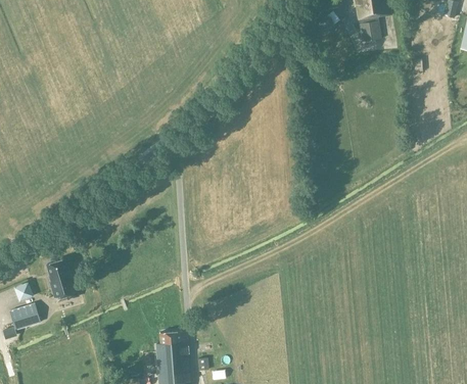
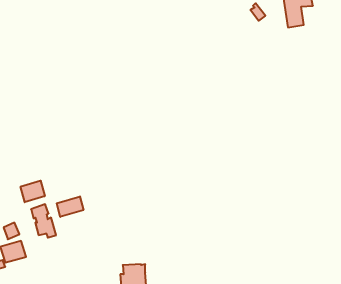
building: none -> [21,181,45,202]
building: none -> [57,196,83,217]

